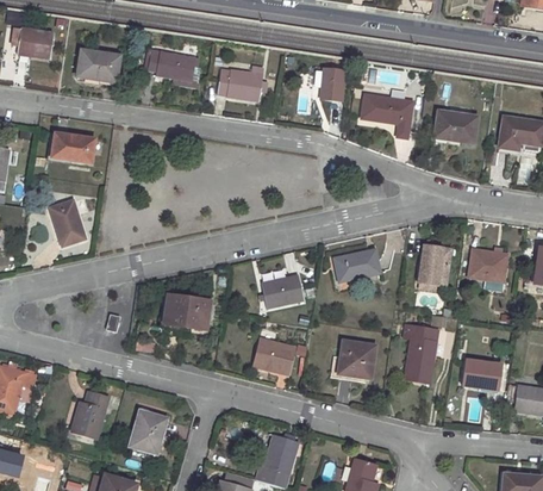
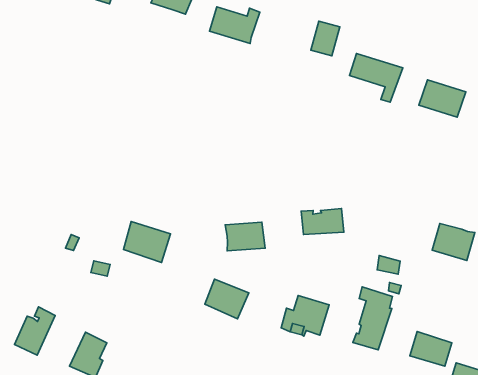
building: [51,132,94,162] -> none
building: [49,199,86,244] -> none
building: [418,244,450,284] -> none

